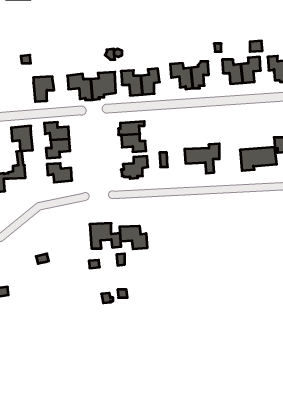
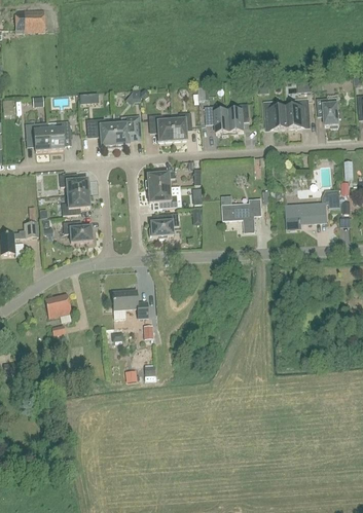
building: [11,126,33,151] -> [25,122,49,151]
building: [120,226,147,249] -> none
building: none -> [44,294,71,318]

